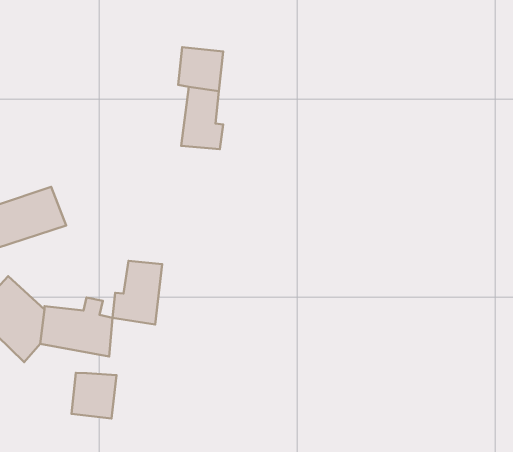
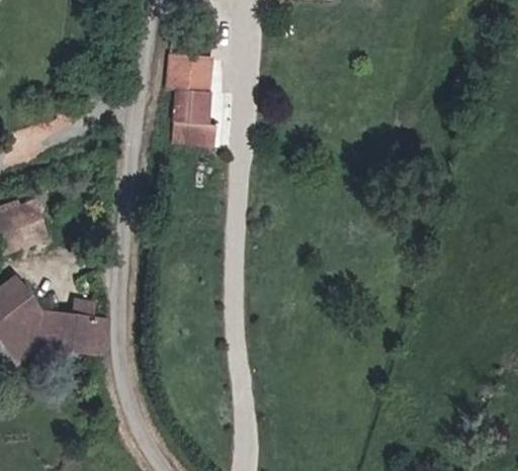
building: [112,261,162,325] -> none
building: [72,373,116,419] -> none

